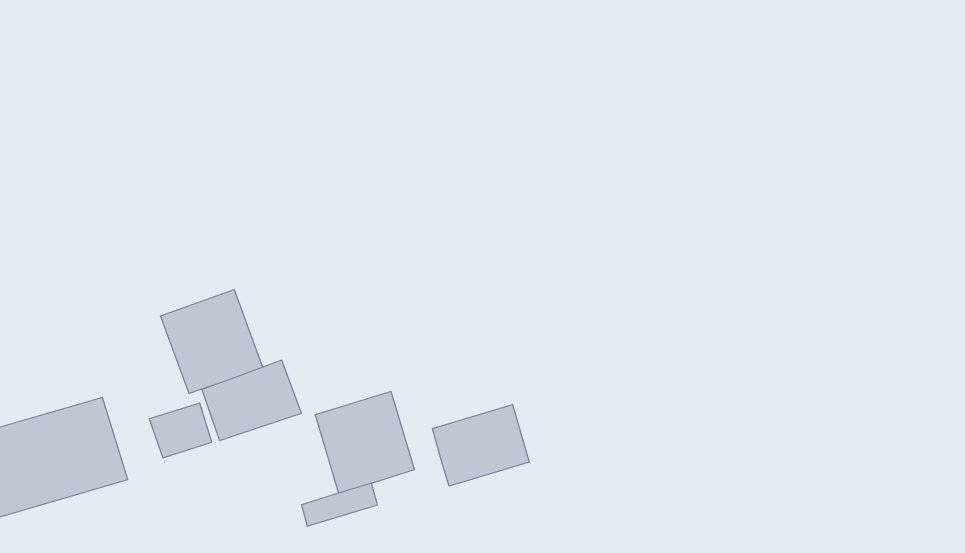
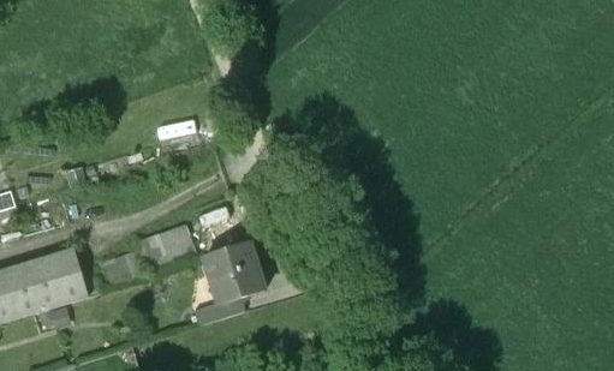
building: [161,290,263,394] -> none
building: [433,404,529,486] -> none

